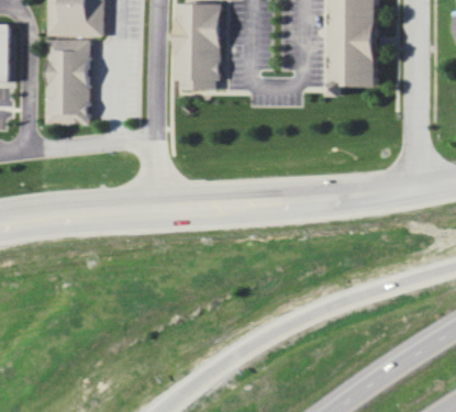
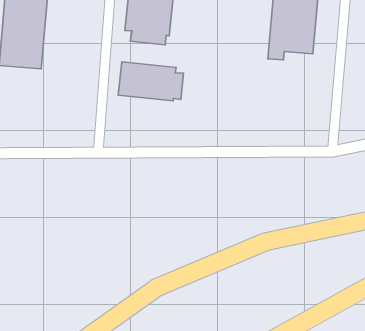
building: none -> [118,62,183,101]

